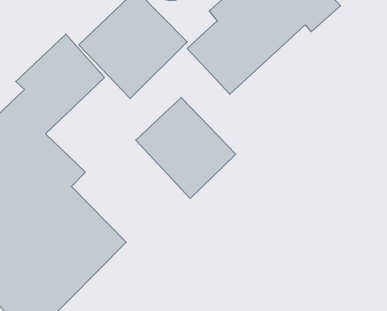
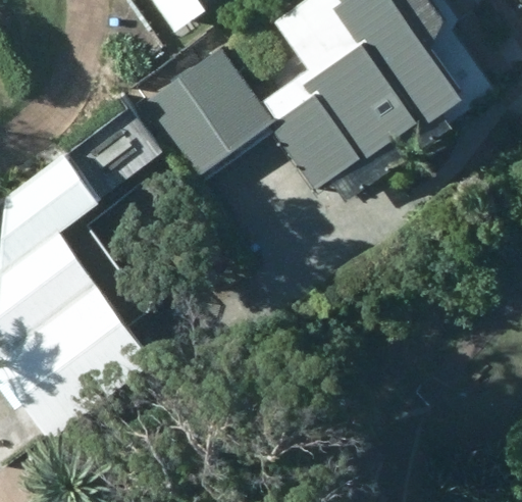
building: [136,97,236,198] -> none

